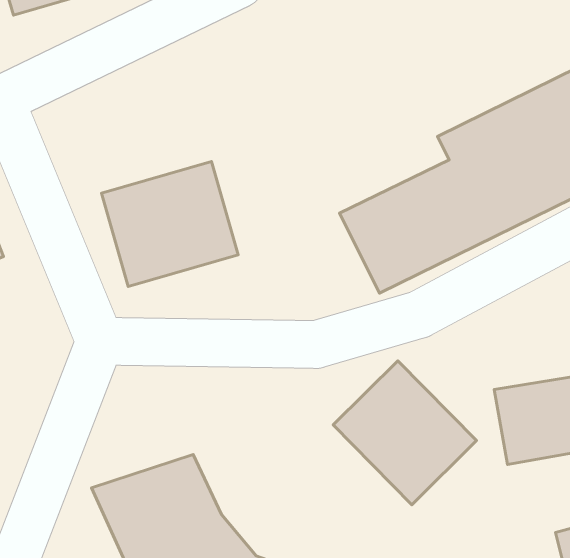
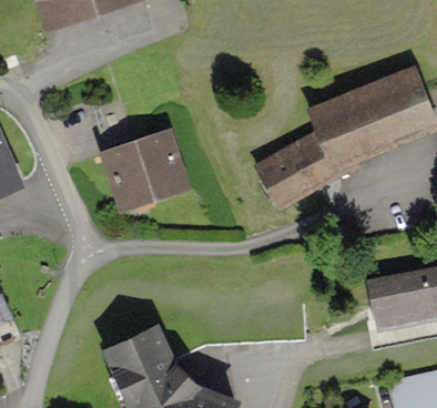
building: [333,361,477,505] -> none

